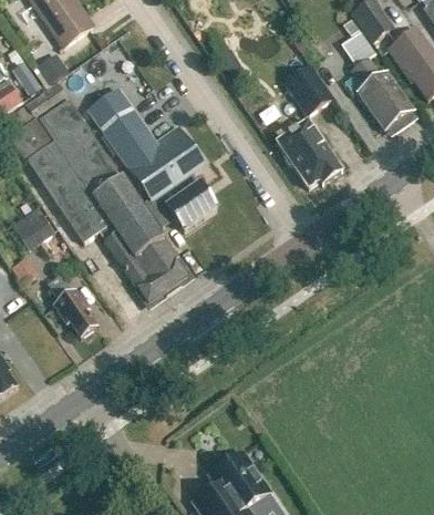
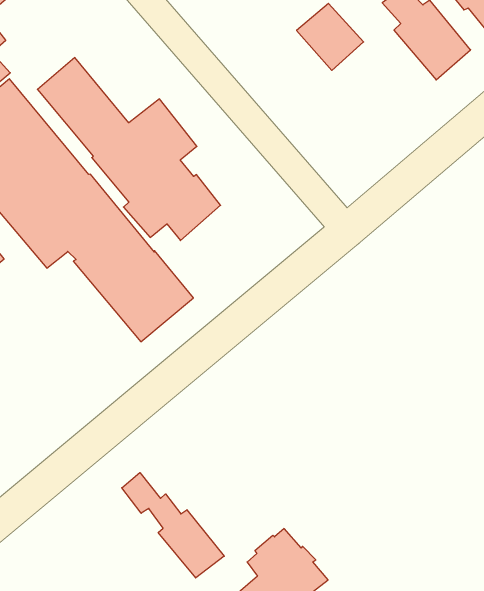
building: [276,119,342,187] -> none
building: [50,274,97,337] -> none
building: none -> [122,473,224,578]

